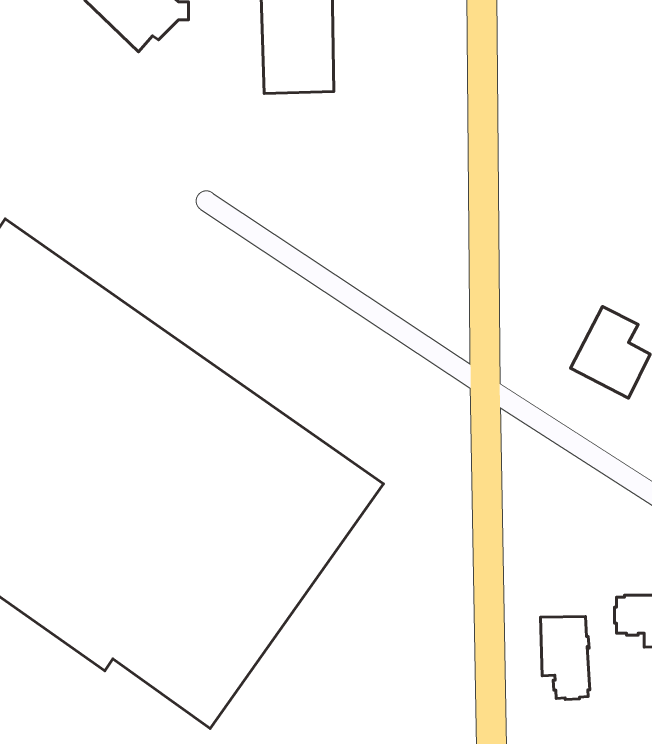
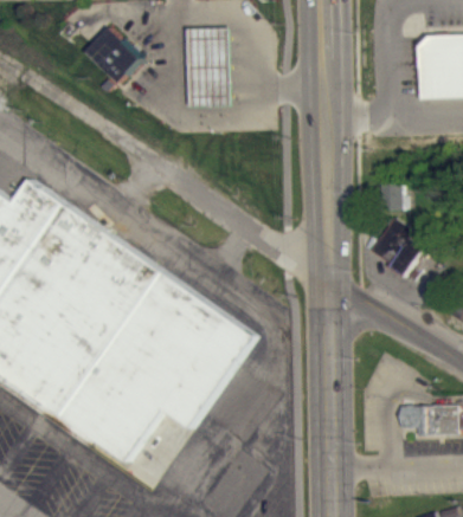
building: none -> [378,196,399,222]
building: [541,616,590,700] -> none

